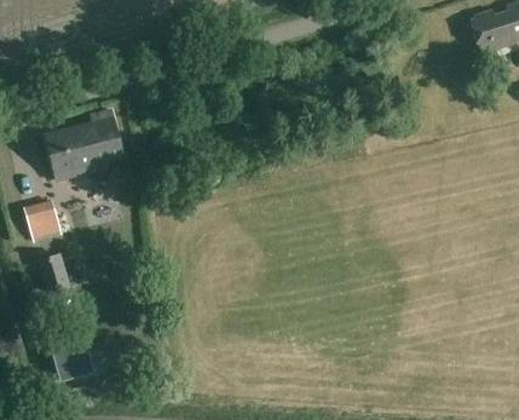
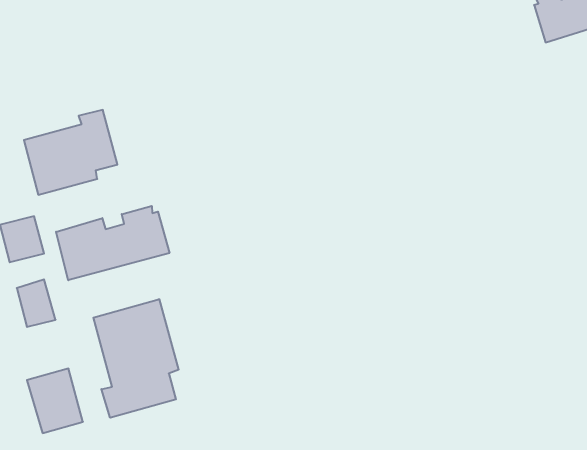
building: none -> [56,206,169,280]
building: none -> [93,299,179,418]

